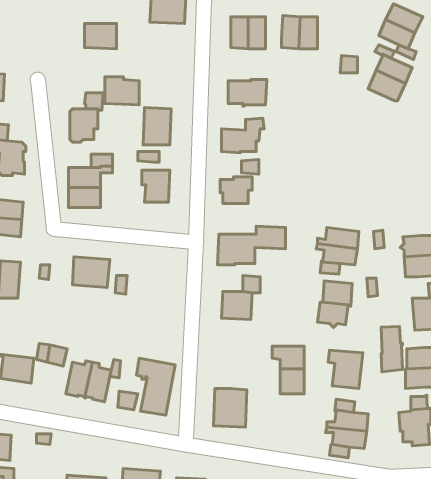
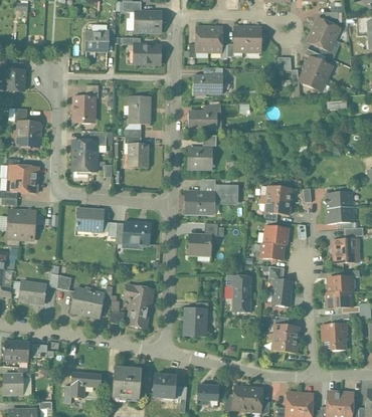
building: [105,77,139,105] -> [135,43,161,64]
building: none -> [124,222,152,244]
building: [381,326,403,372] -> none

